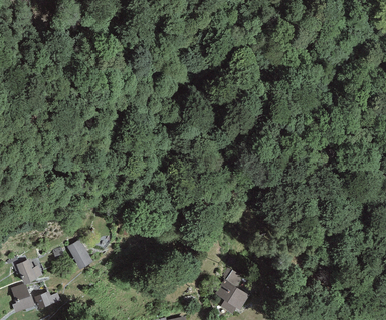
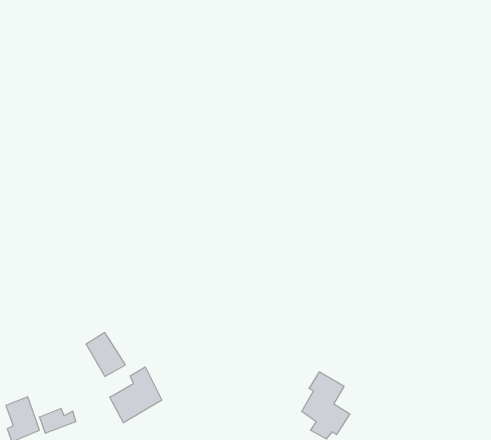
building: [13,258,42,282] -> none
building: none -> [110,367,162,423]

